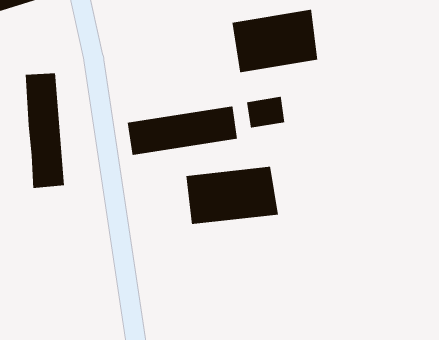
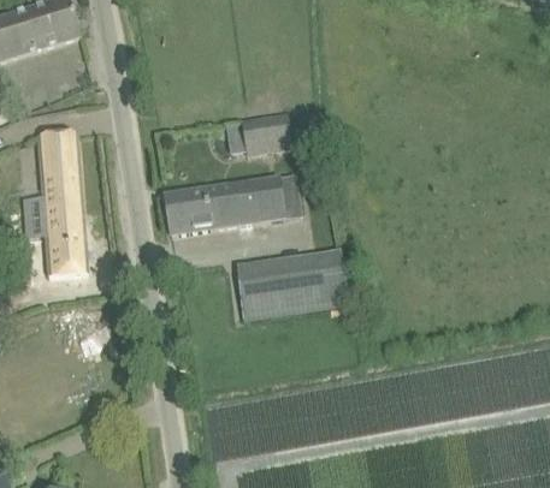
building: [232,9,318,73] -> none
building: [246,96,285,128] -> [241,113,289,153]

